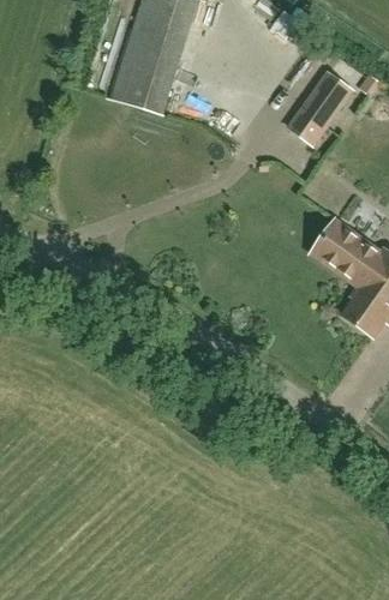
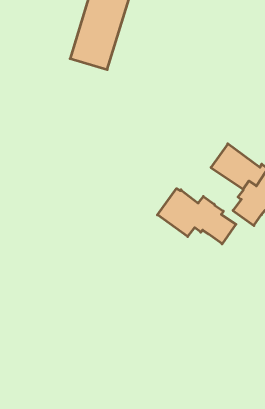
building: [288,72,351,144] -> none
building: none -> [157,189,236,244]

